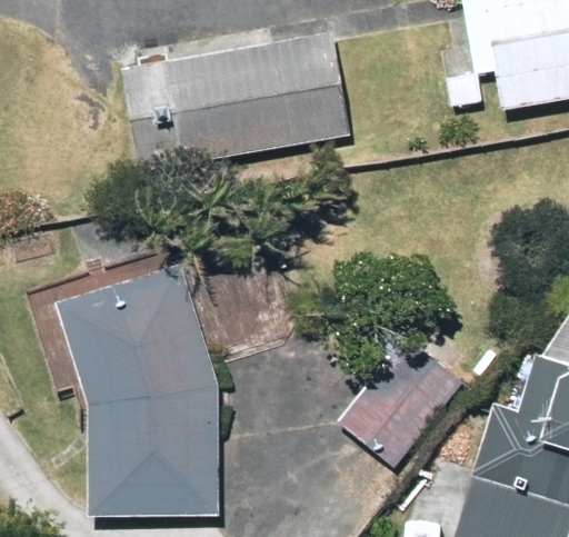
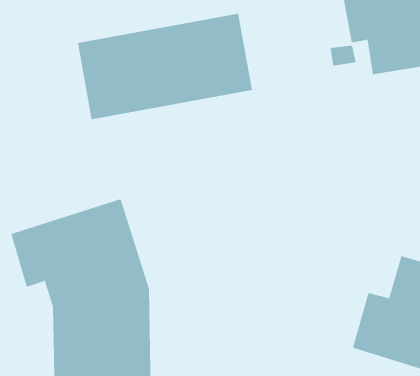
building: [341,337,461,463] -> none

